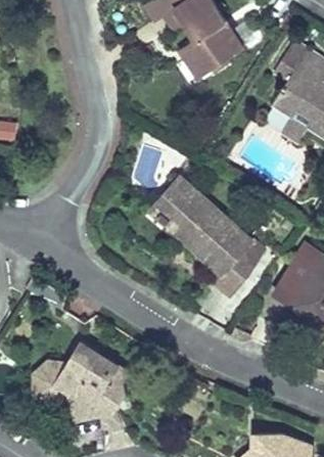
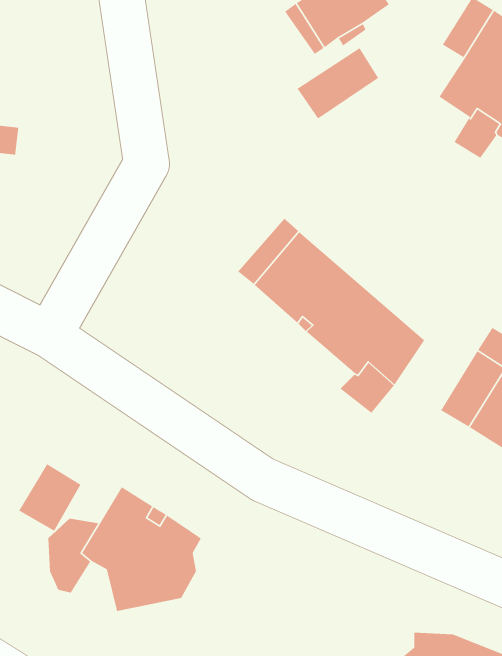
building: none -> [297,47,379,119]
building: none -> [18,463,82,532]

